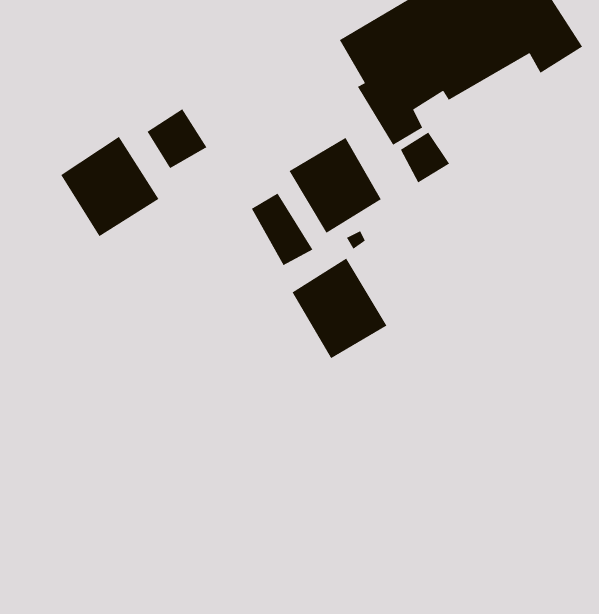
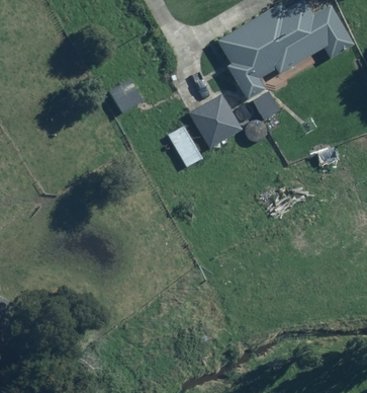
building: [60,136,160,237] -> none
building: [291,258,387,359] -> none

